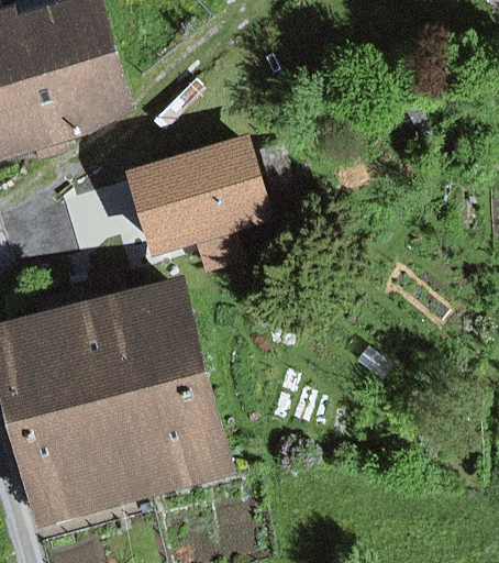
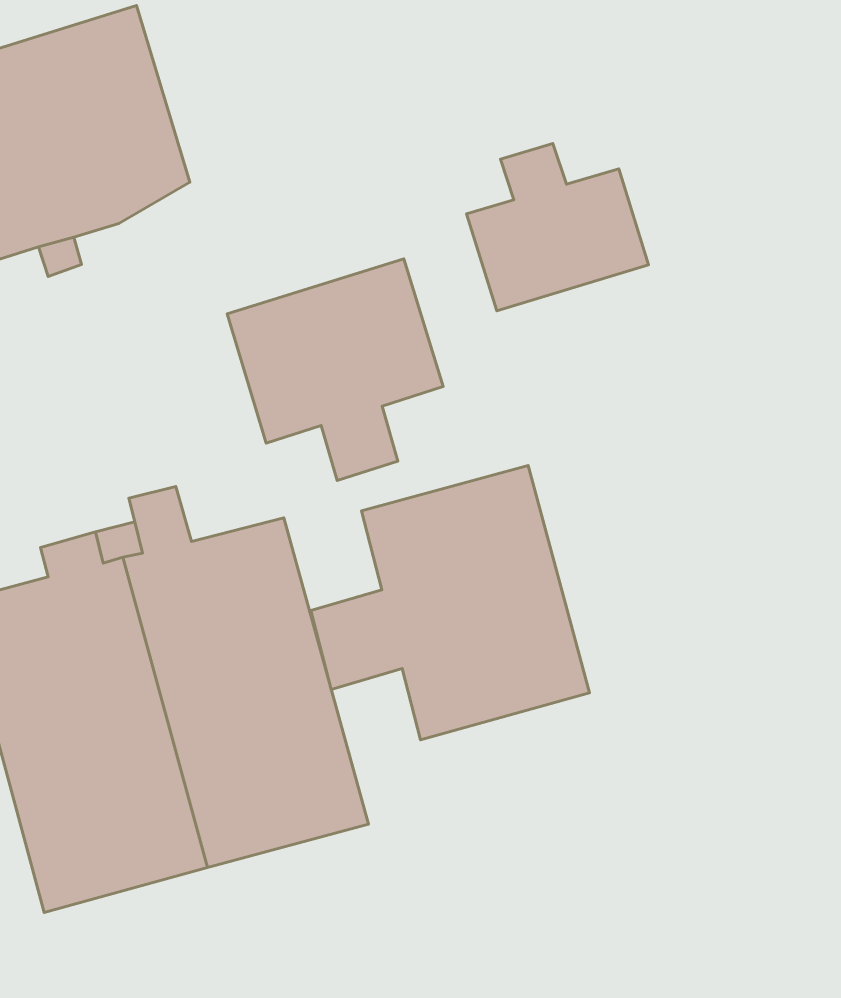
building: none -> [467,144,649,311]
building: none -> [311,466,589,740]

